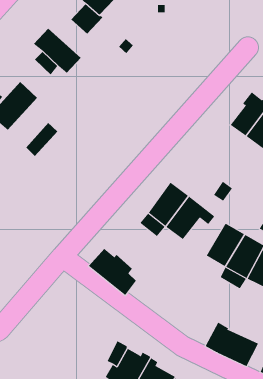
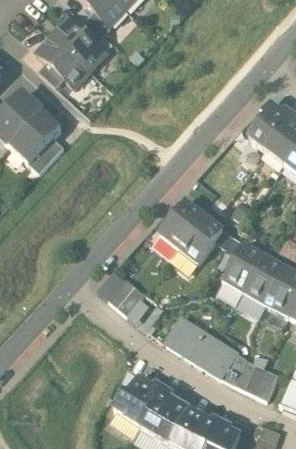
building: none -> [53,18,104,67]
building: none -> [10,110,61,163]
building: none -> [166,318,235,376]

